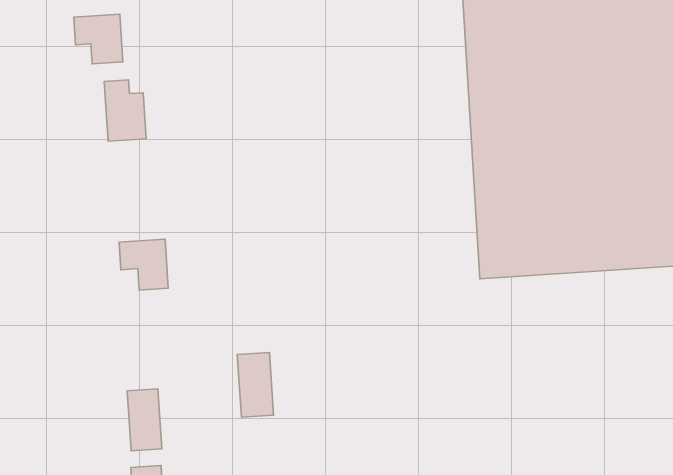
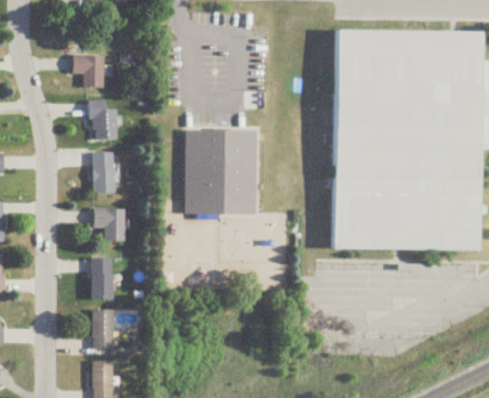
building: none -> [184,129,256,212]
building: none -> [92,152,115,191]
building: [237,352,274,417] -> [91,257,113,299]

